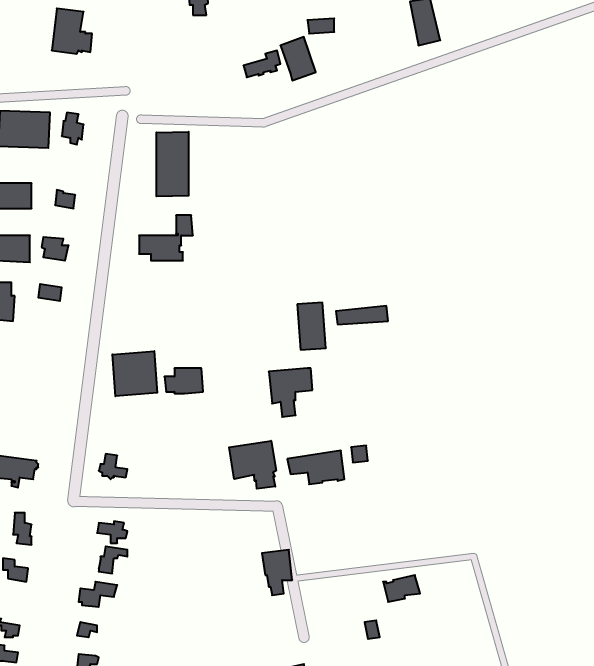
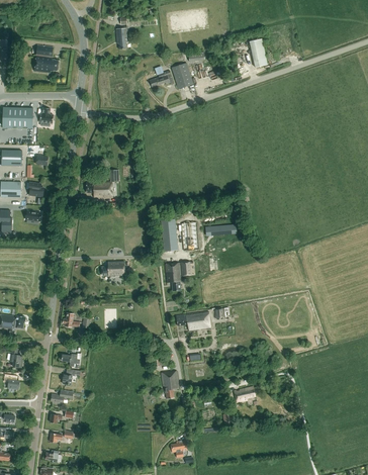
building: [156,132,189,196] -> none
building: none -> [160,218,177,251]
building: [112,351,157,396] -> none
building: [229,441,276,489] -> none

